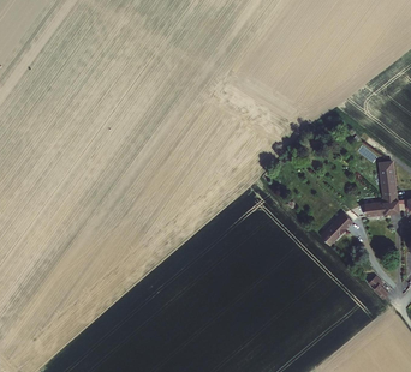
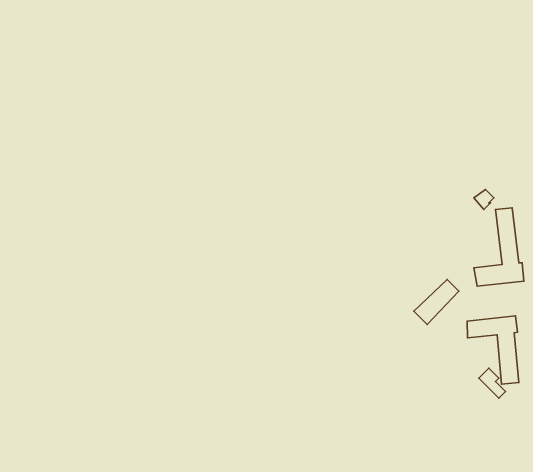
building: none -> [467,316,519,384]

